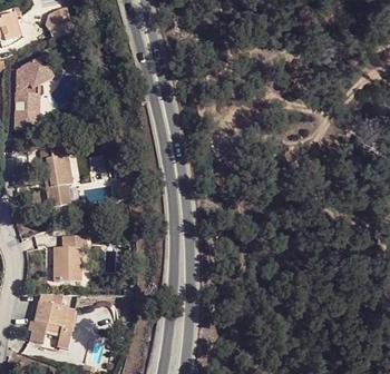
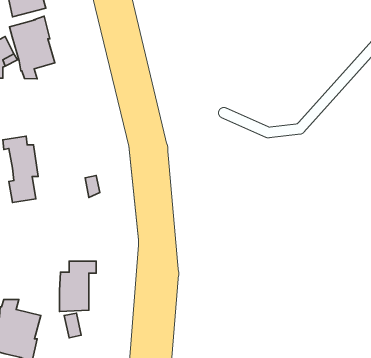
building: none -> [9,16,55,79]
building: [53,235,87,281] -> [59,261,96,311]

